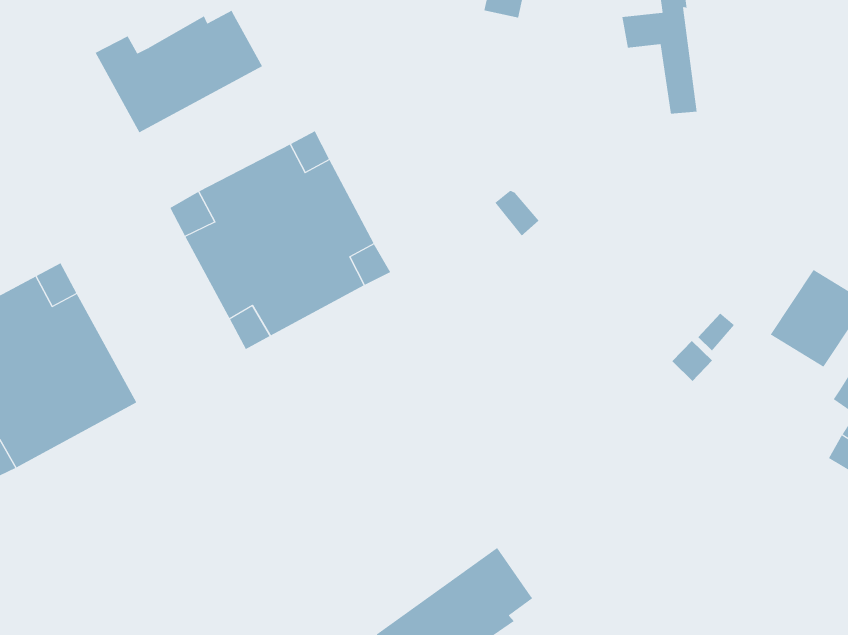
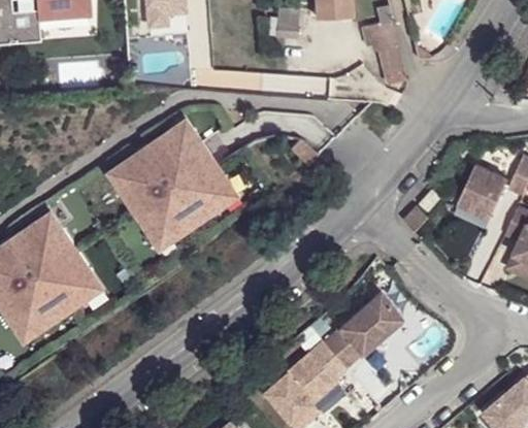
building: [95,10,263,133] -> none
building: none -> [320,295,398,370]

